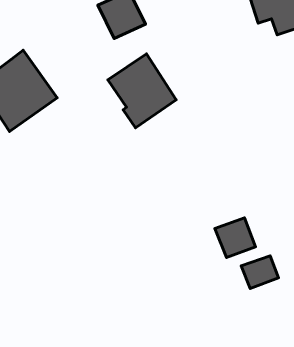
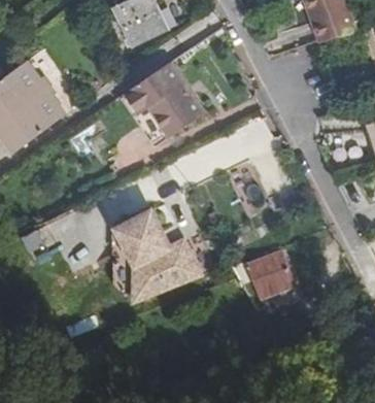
building: none -> [112,209,198,298]
building: [241,256,279,289] -> none

